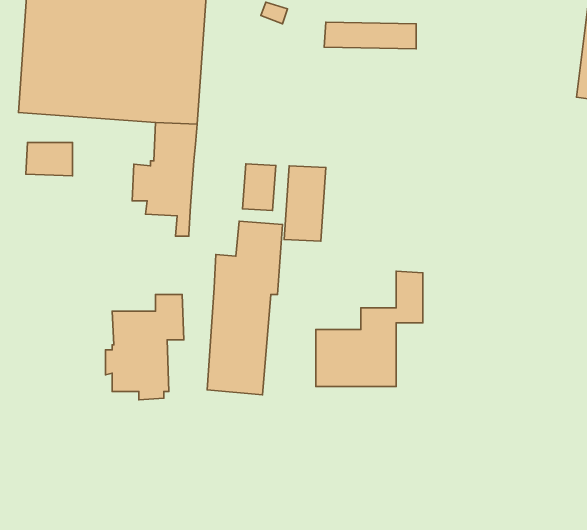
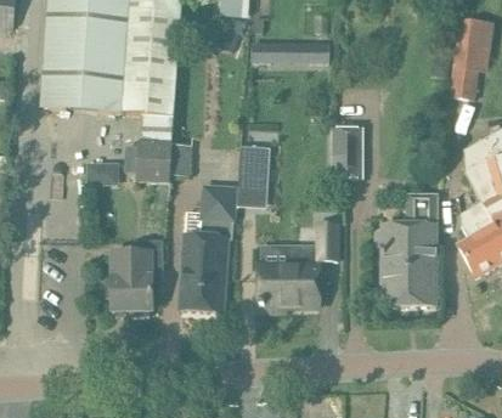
building: [26,142,73,176] -> [89,158,123,182]
building: none -> [331,128,361,177]
building: [243,164,276,211] -> [169,141,193,175]
building: none -> [373,194,436,305]

